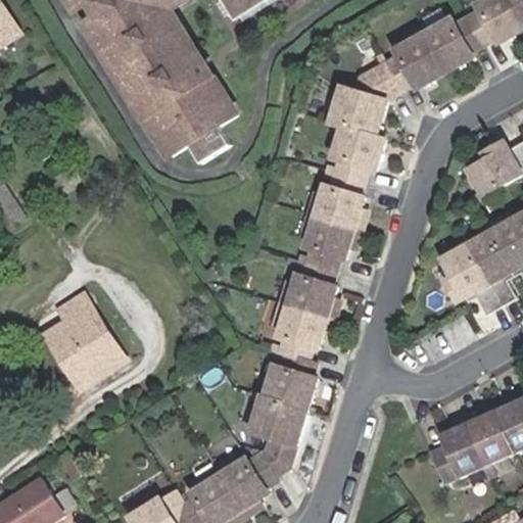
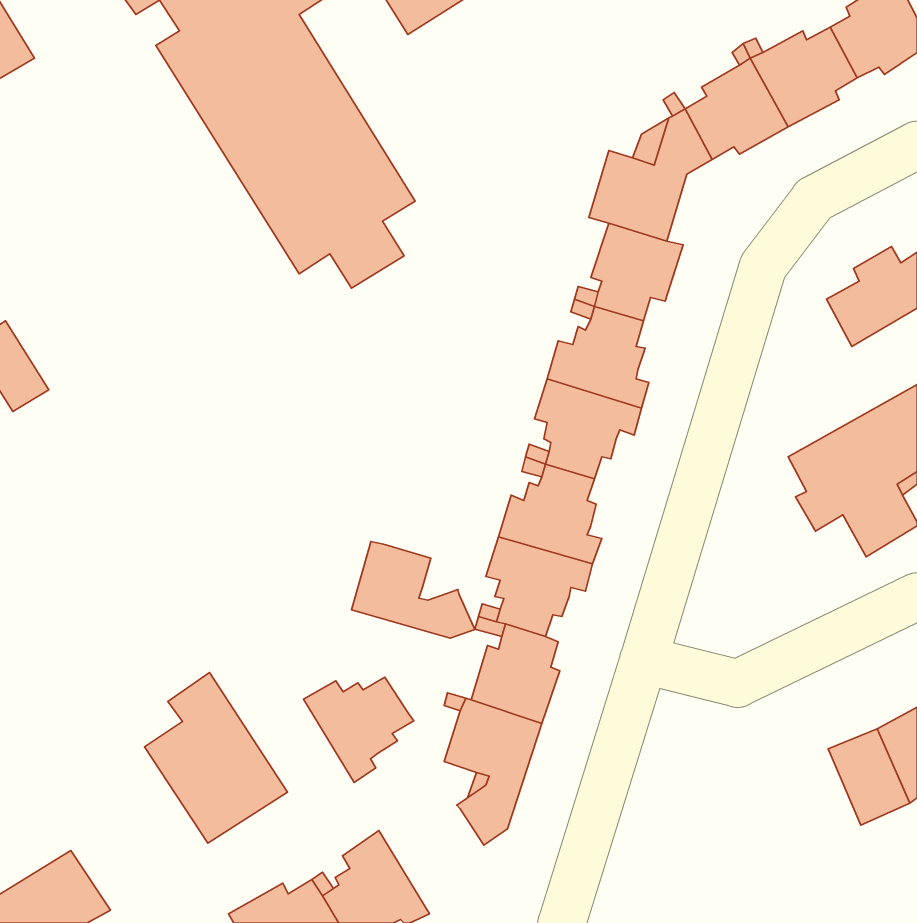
building: [44,292,125,388] -> [144,673,288,843]
building: none -> [352,542,475,638]
building: [427,422,485,483] -> none
building: [213,456,276,515] -> [303,677,414,782]

